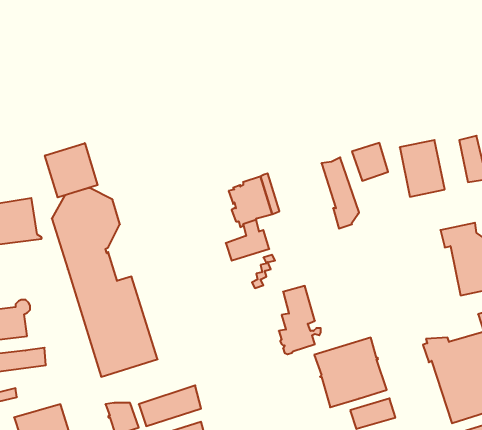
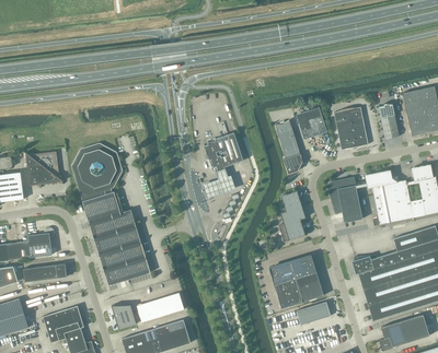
building: [45,143,98,197] -> none
building: none -> [327,177,362,223]
building: [279,286,321,354] -> [278,191,310,243]

